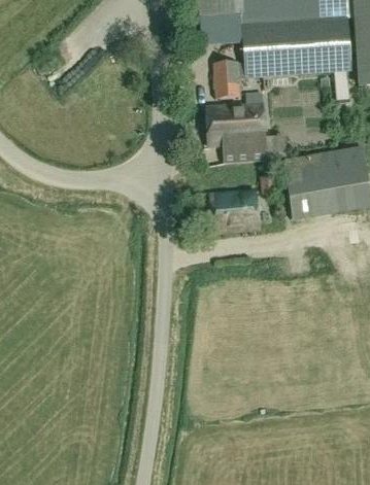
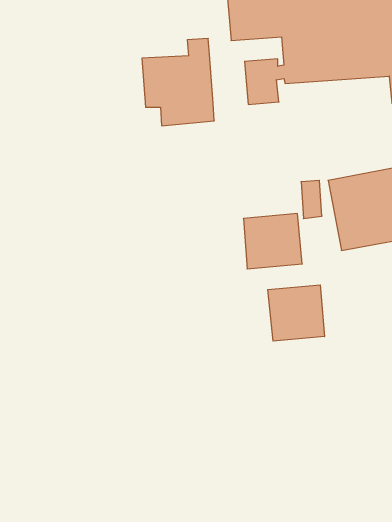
building: [206,90,267,163] -> [142,39,214,126]
building: none -> [268,285,324,341]

